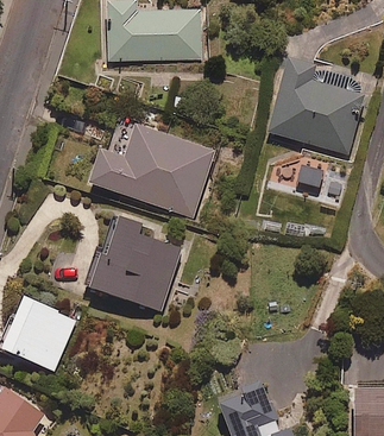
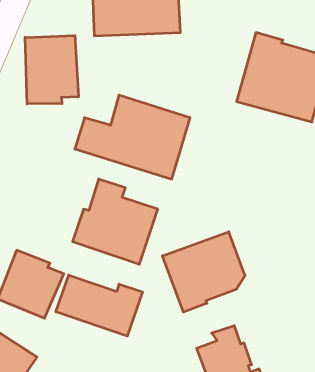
building: none -> [25,36,78,104]
building: none -> [162,232,245,312]
building: none -> [56,275,142,336]

